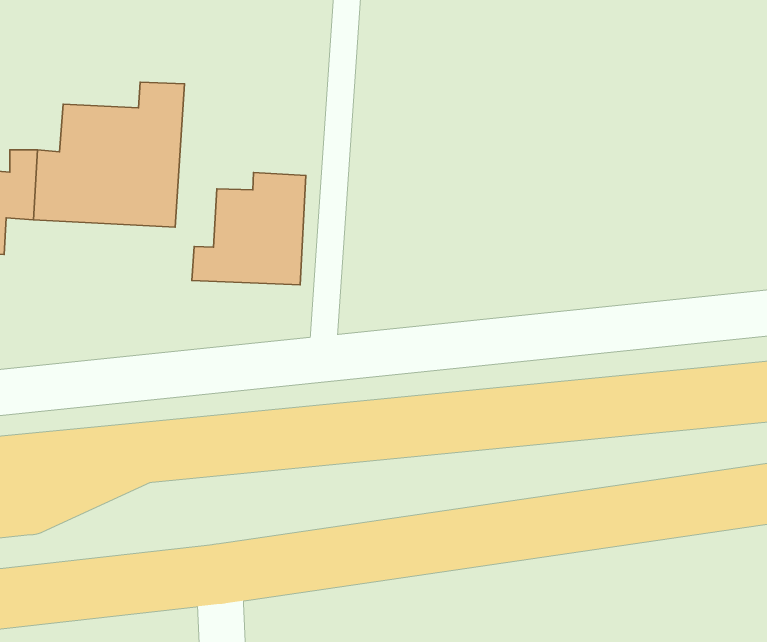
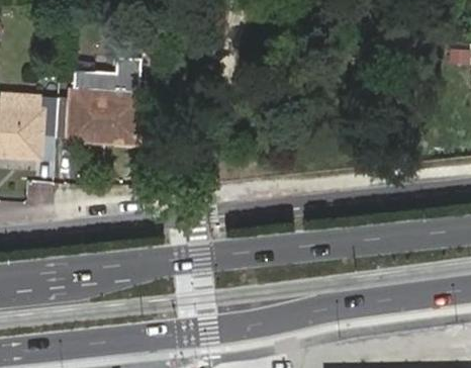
building: [192,173,306,285] -> none

